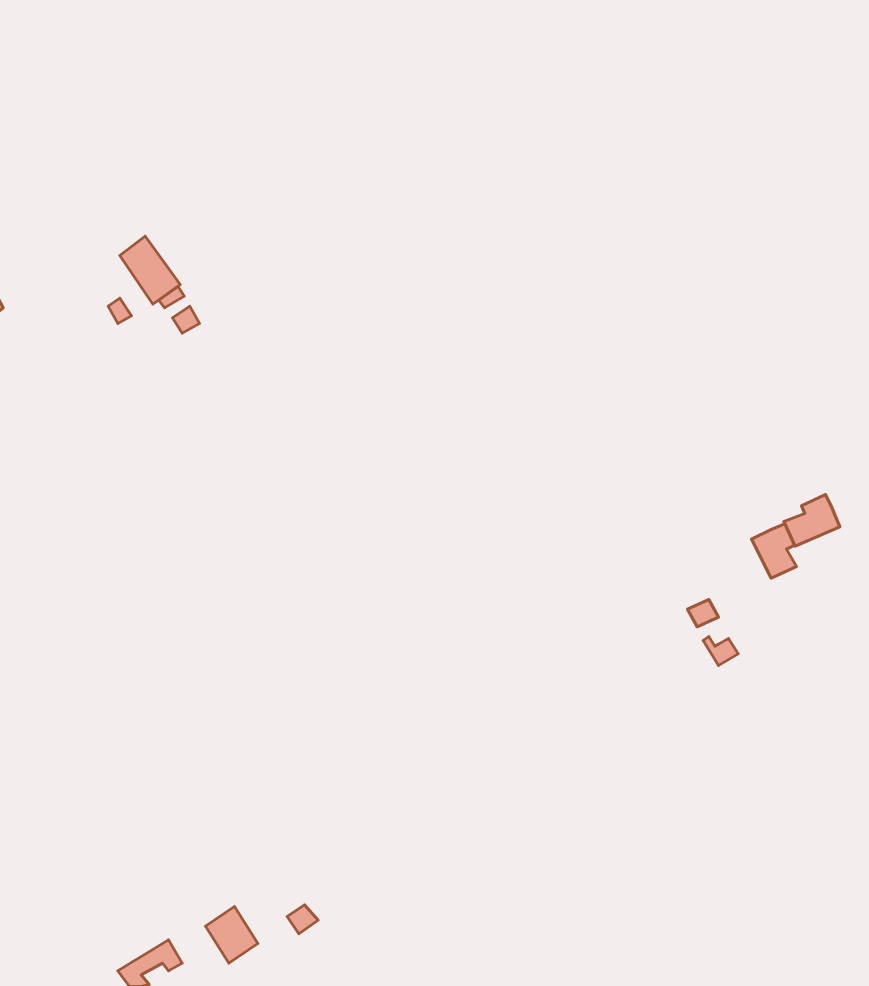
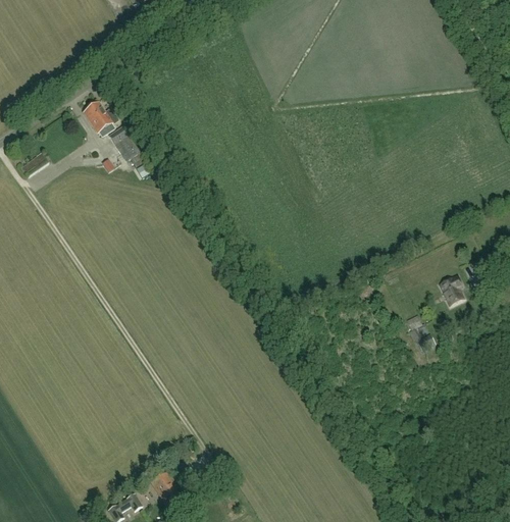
building: none -> [83,102,119,138]
building: [784,495,840,546] -> none

